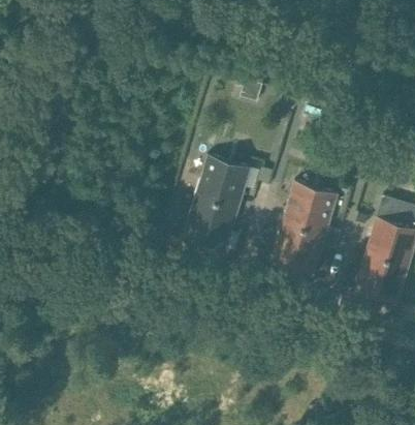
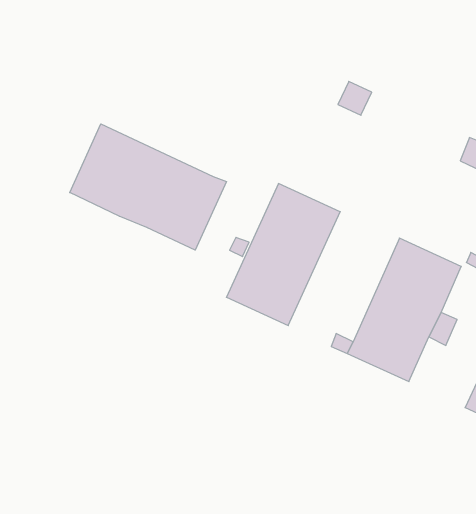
building: none -> [70,124,227,250]

